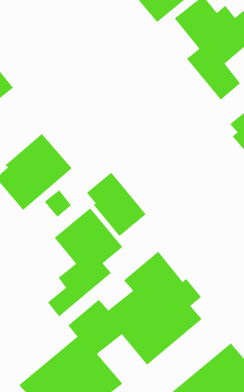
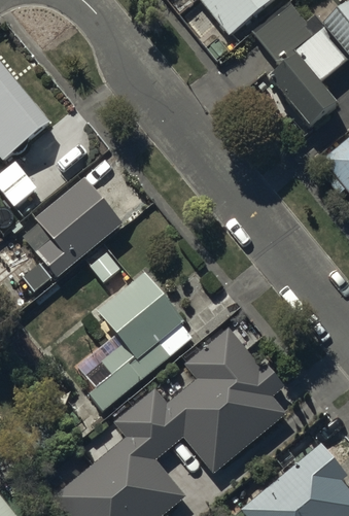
building: [86,172,147,237] -> none

